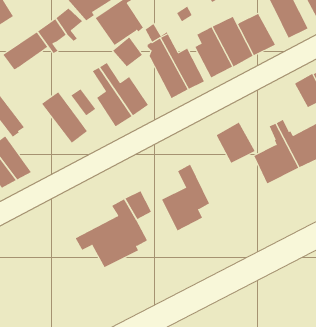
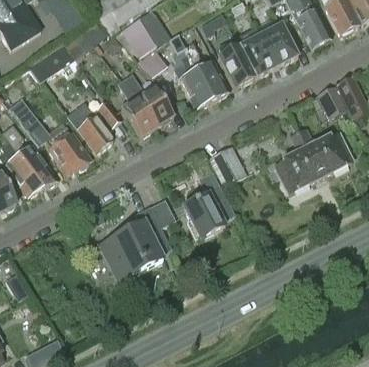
building: none -> [45,127,90,175]
building: [216,122,255,164] -> [207,144,246,185]

